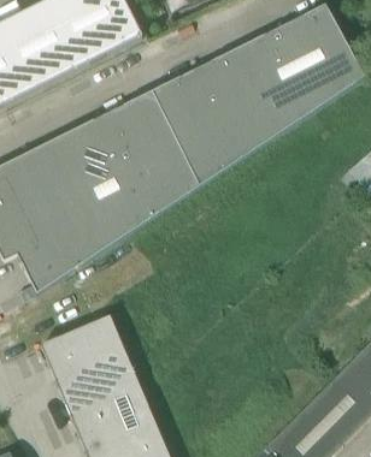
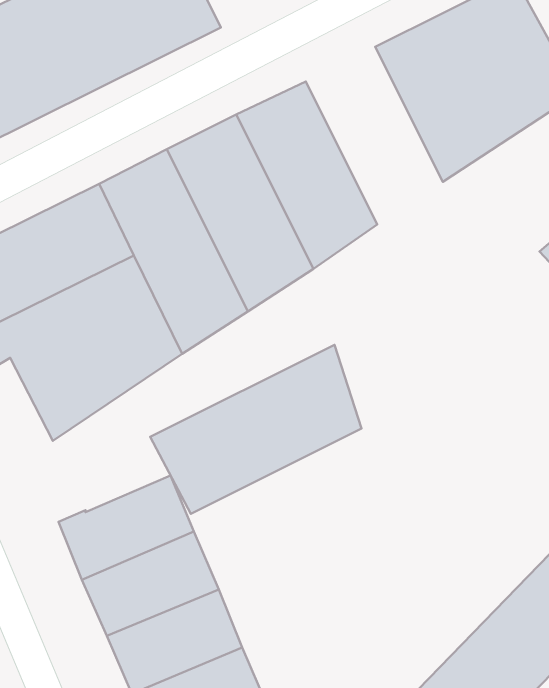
building: [195,47,281,158] -> none
building: none -> [150,345,361,514]

